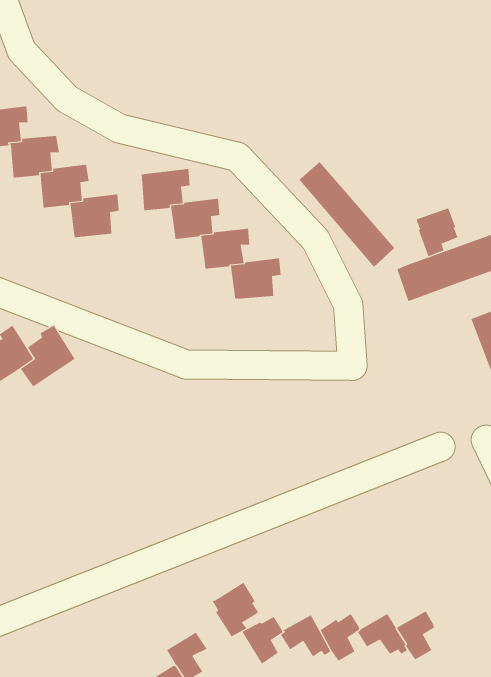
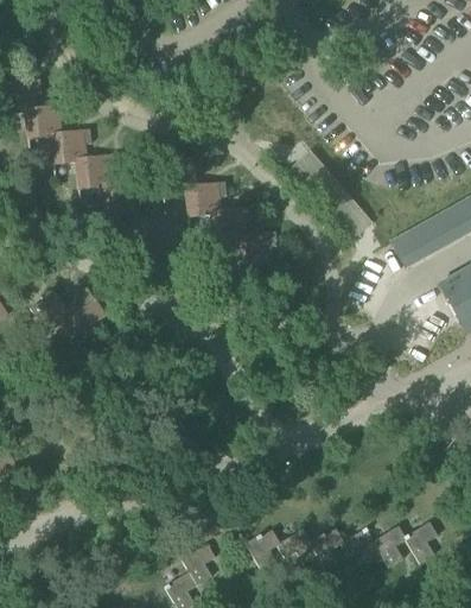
building: [416,208,458,257] -> none
building: [212,582,259,637] -> none
building: none -> [405,521,438,563]

